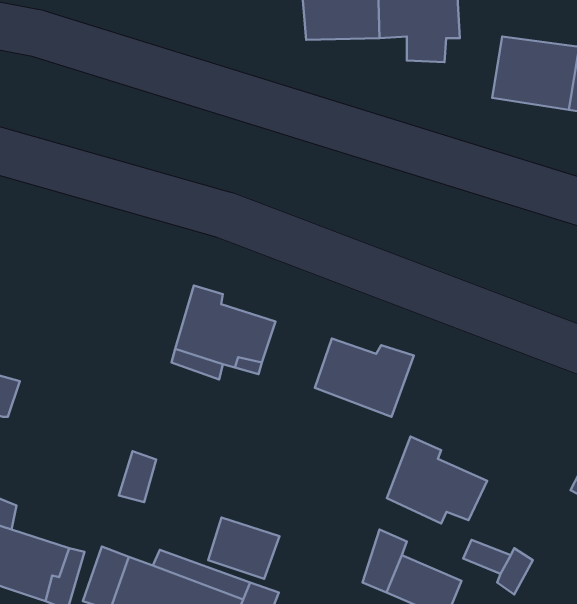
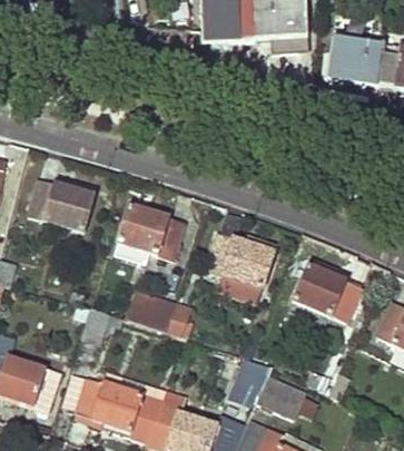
building: none -> [30,180,96,231]
building: [387,437,487,524] -> [295,258,361,315]
building: [208,517,280,579] -> [128,292,175,332]

